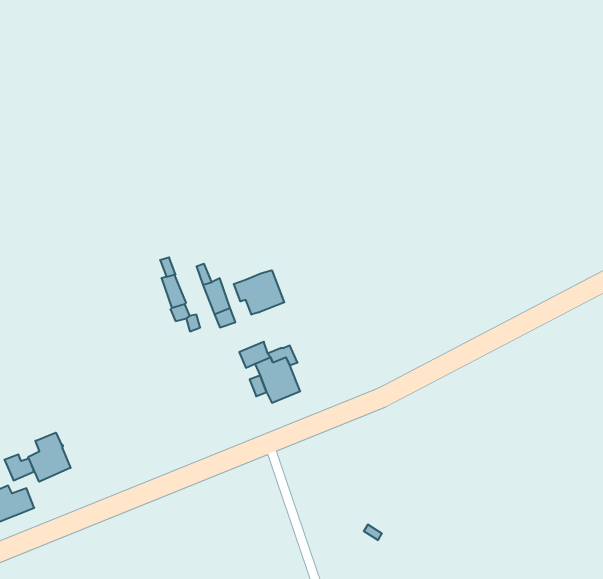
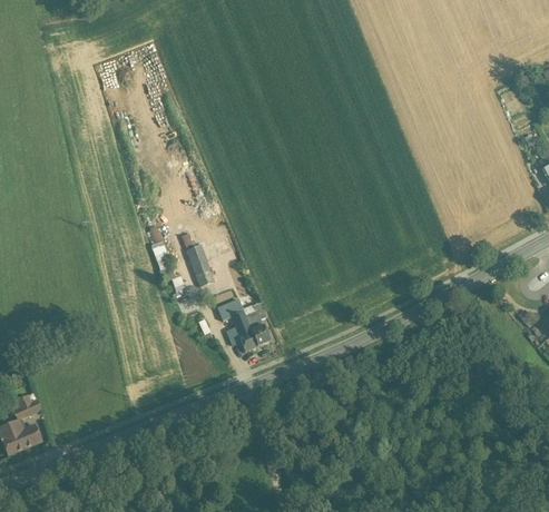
building: [234,270,284,315] -> none
building: [28,433,71,482] -> none

